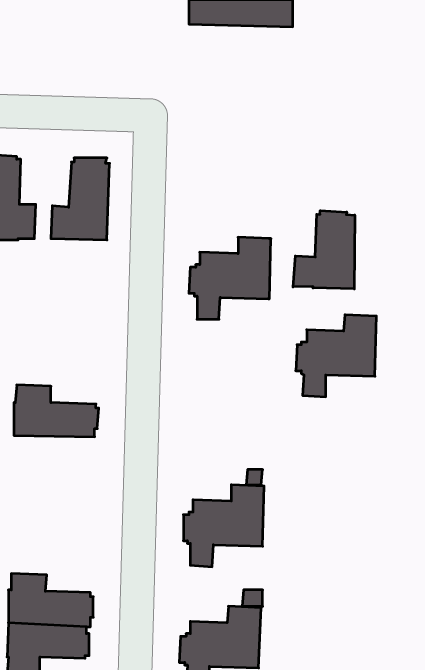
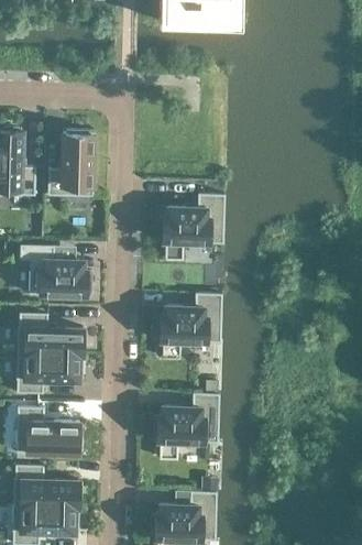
building: [293,211,355,289] -> none
building: none -> [20,247,91,296]
building: [296,315,376,397] -> [156,294,221,360]
building: none -> [17,355,83,394]
building: none -> [17,408,84,455]

